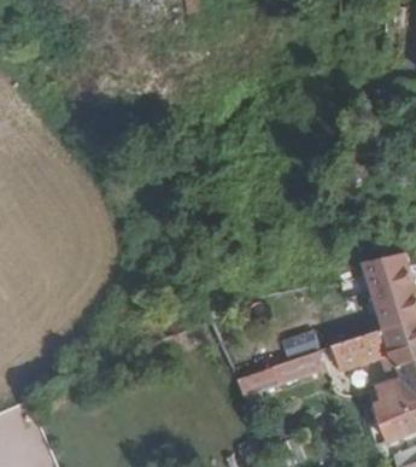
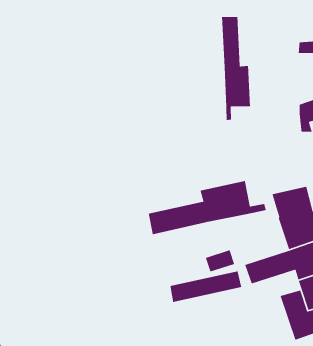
building: none -> [221,16,251,121]
building: none -> [148,180,267,235]

